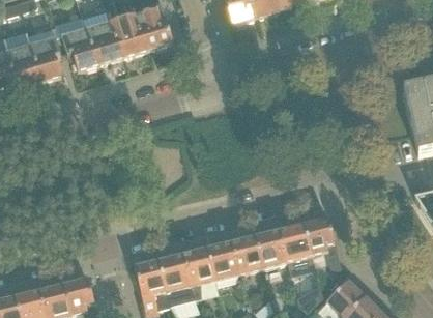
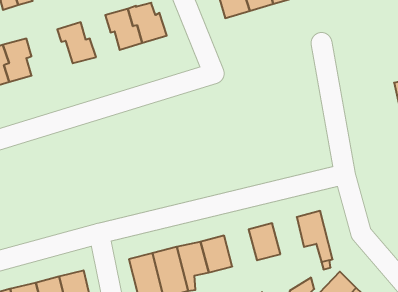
building: [82,9,124,62] -> none
building: [30,36,61,81] -> none
building: [279,224,315,274] -> none
building: [230,236,263,273] -> none

